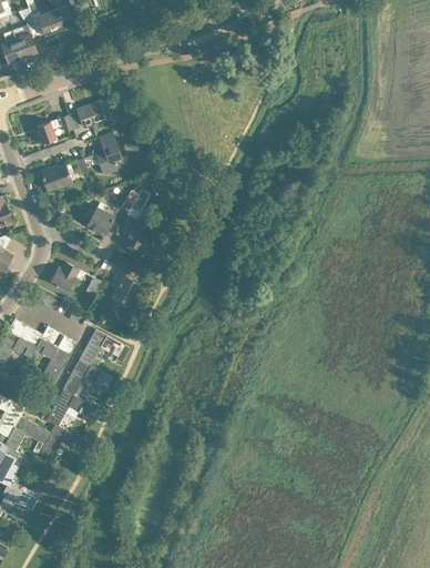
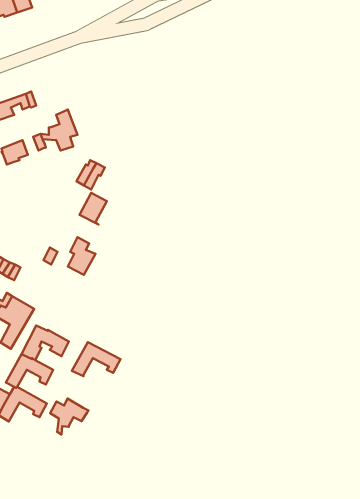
building: [78,100,111,126] -> none
building: [88,206,116,233] -> none
building: [51,262,85,291] -> none
building: [79,329,130,365] -> [72,342,120,376]
building: none -> [50,399,89,434]

